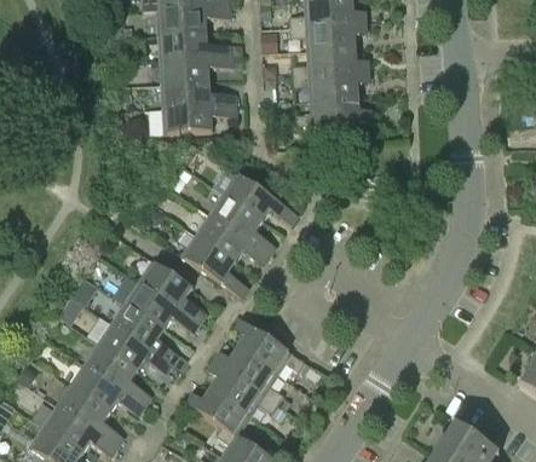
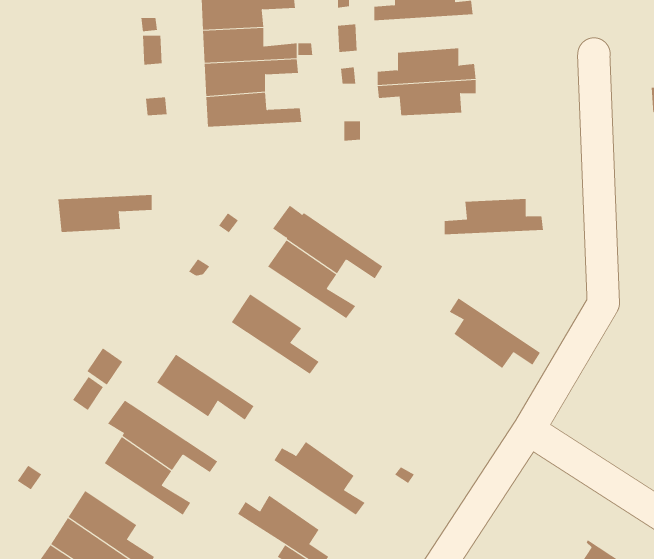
building: [290,22,367,51] -> none
building: [295,97,371,125] -> [444,198,544,235]
building: [163,104,236,133] -> [58,194,153,232]
building: [196,214,270,264] -> none
building: [139,260,206,320] -> none
building: [111,302,178,363] -> none
building: [235,319,305,374] -> [449,297,541,369]
building: [208,362,277,415] -> none
building: [70,364,145,414] -> none

